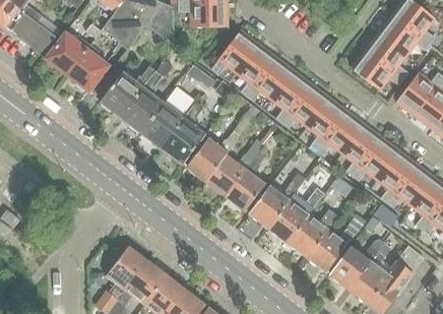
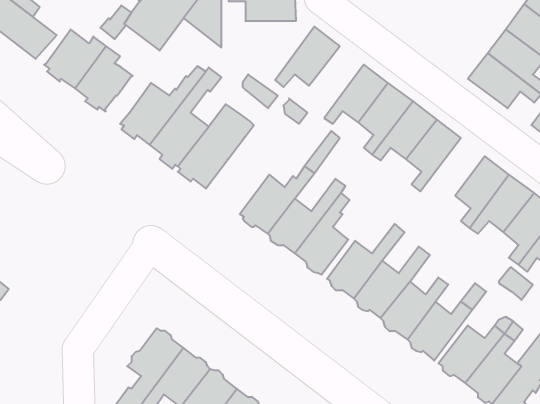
building: [236,45,275,97] -> none
building: [162,102,205,164] -> none
building: [316,111,363,154] -> none

